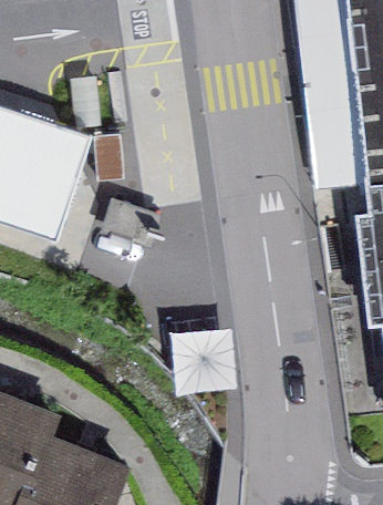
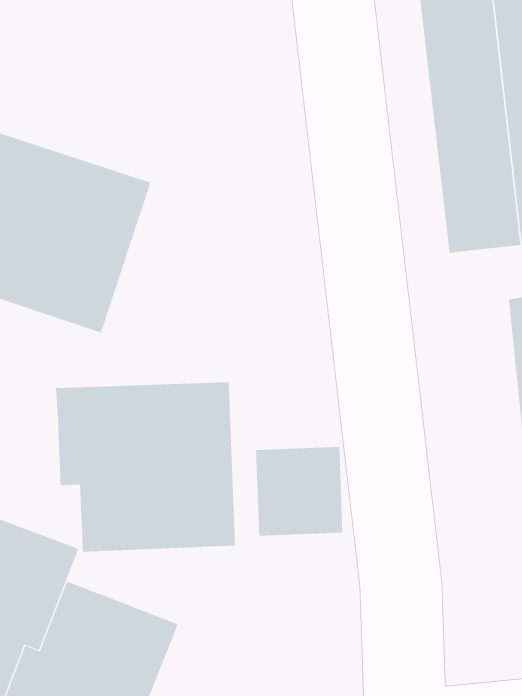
building: none -> [56,381,235,553]

